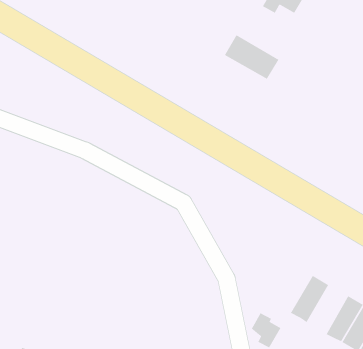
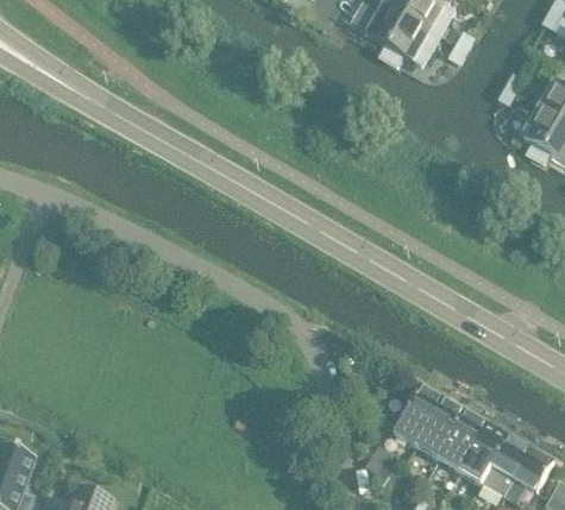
building: [224,34,280,80] -> none
building: none -> [394,384,445,445]
building: none -> [438,409,490,472]

